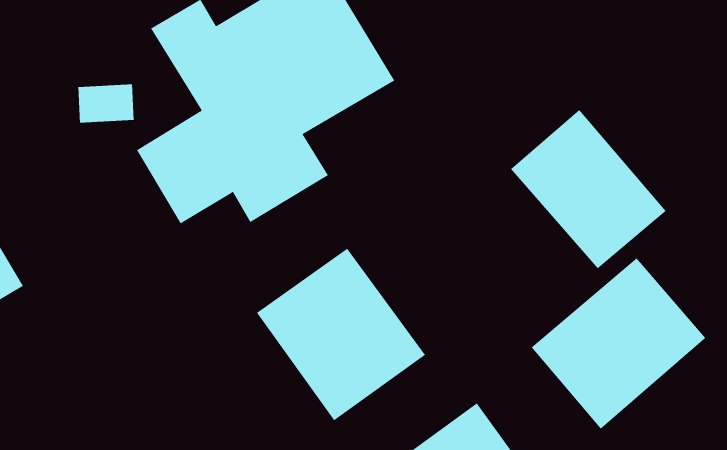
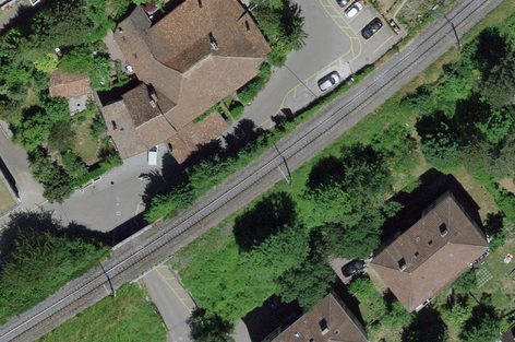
building: [510,109,667,269] -> none
building: [256,248,426,421] -> none

